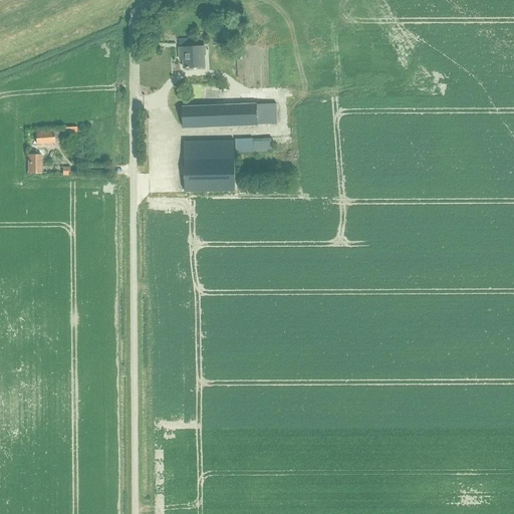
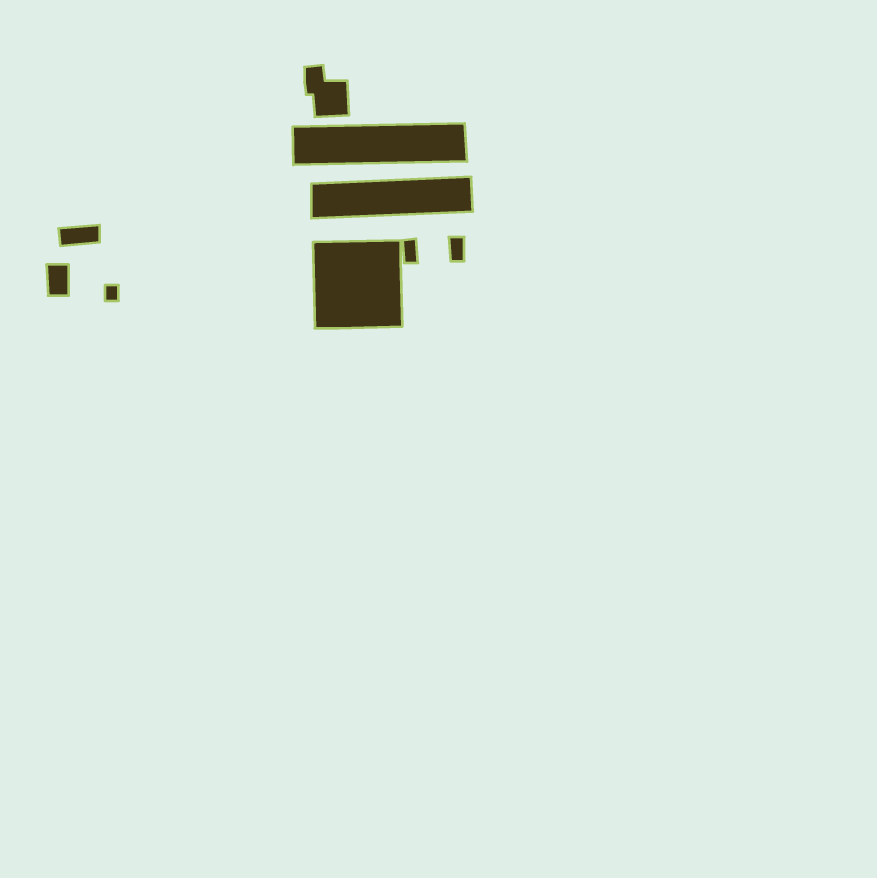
building: none -> [293,123,467,165]

